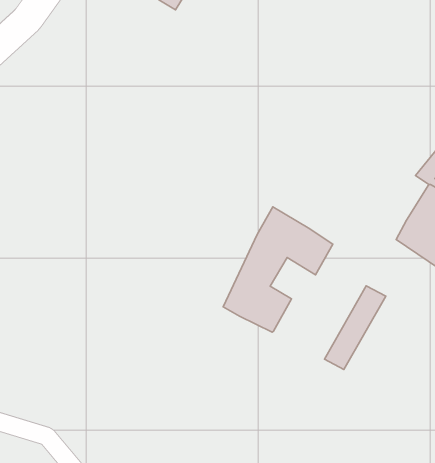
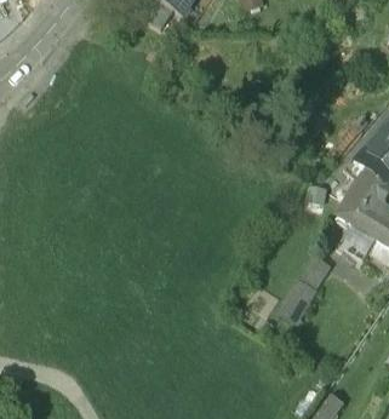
building: [223,207,333,332] -> none

